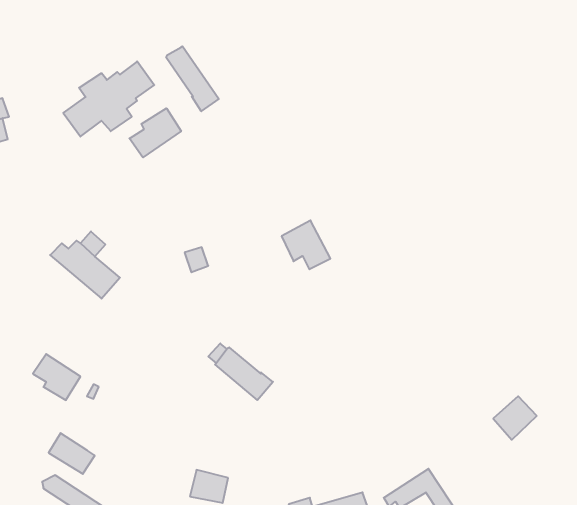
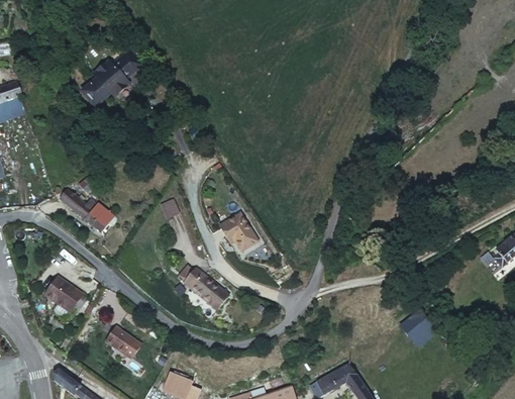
building: [166,46,219,111] -> none
building: [129,108,181,157] -> none
building: [282,220,330,269] -> [215,211,252,248]
building: [49,433,95,474] -> [107,325,142,357]

